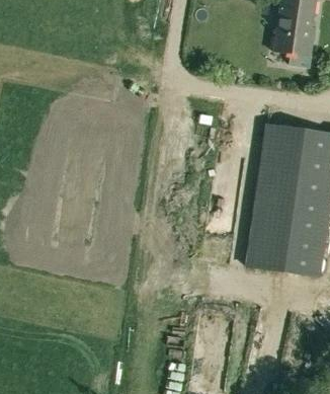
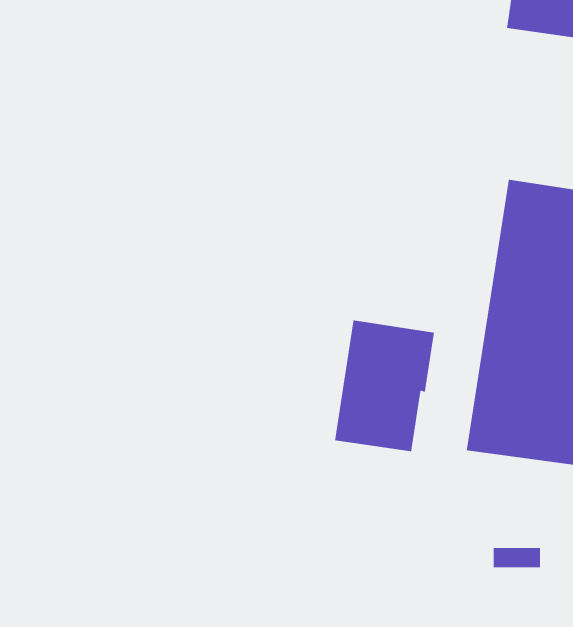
building: none -> [334,320,435,452]

